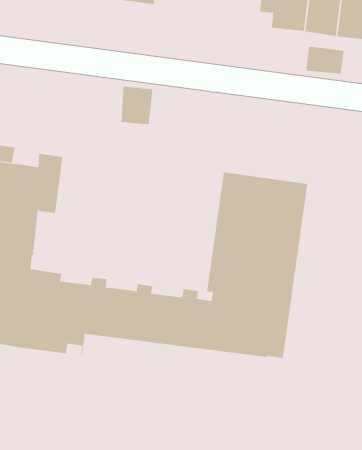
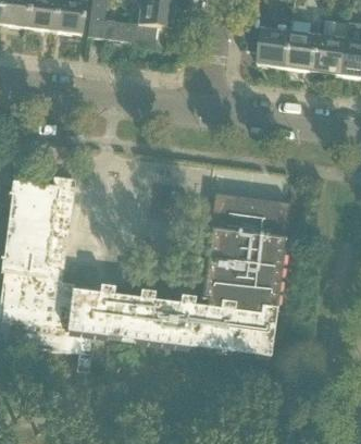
building: [306,46,344,75] -> none
building: [121,86,153,125] -> none

